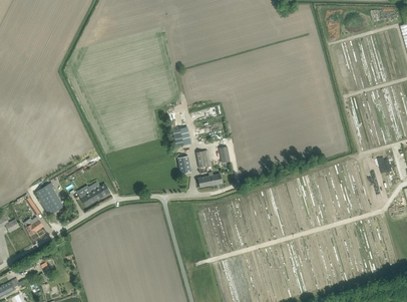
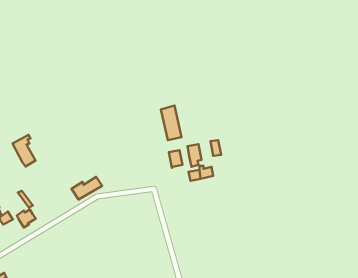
building: [35,182,58,214] -> [13,135,35,166]

